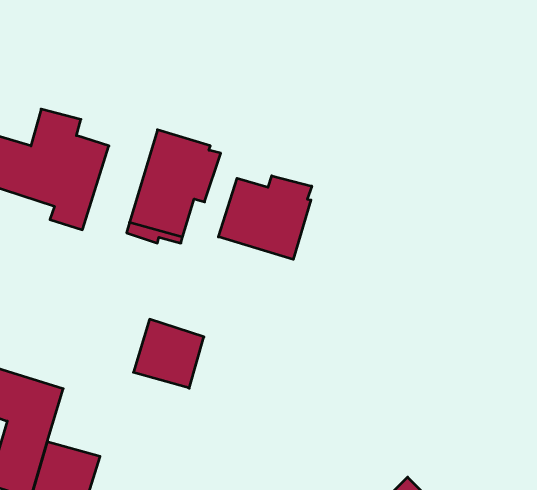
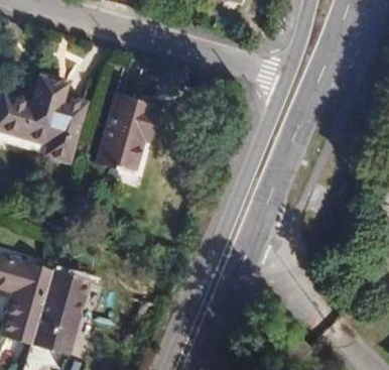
building: [218,176,312,259] -> none
building: [133,319,204,388] -> [40,268,89,316]

